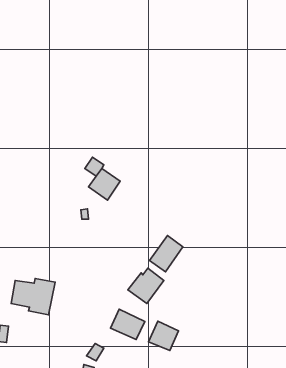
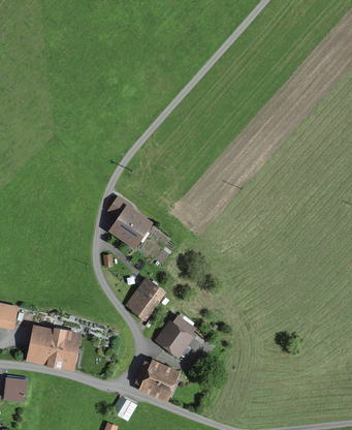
building: [149,236,183,272] -> [127,278,163,317]
building: [148,321,179,351] -> none

